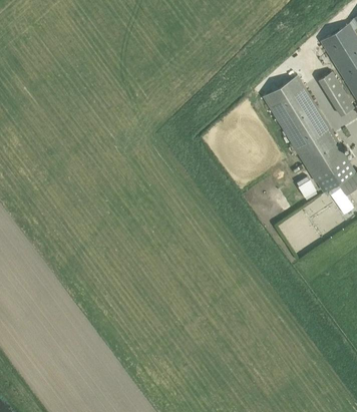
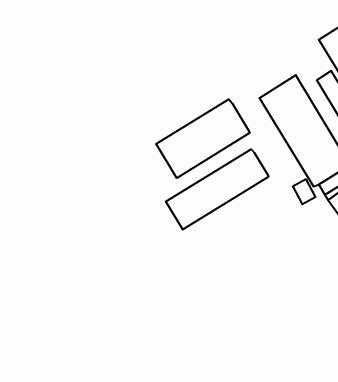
building: none -> [156,99,250,178]
building: none -> [166,149,268,230]

